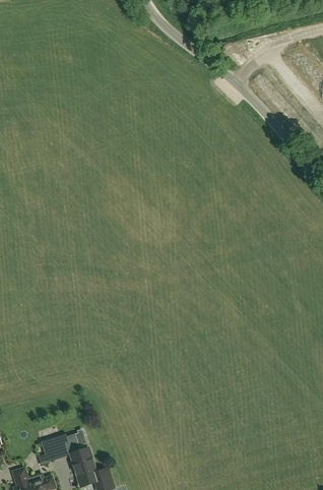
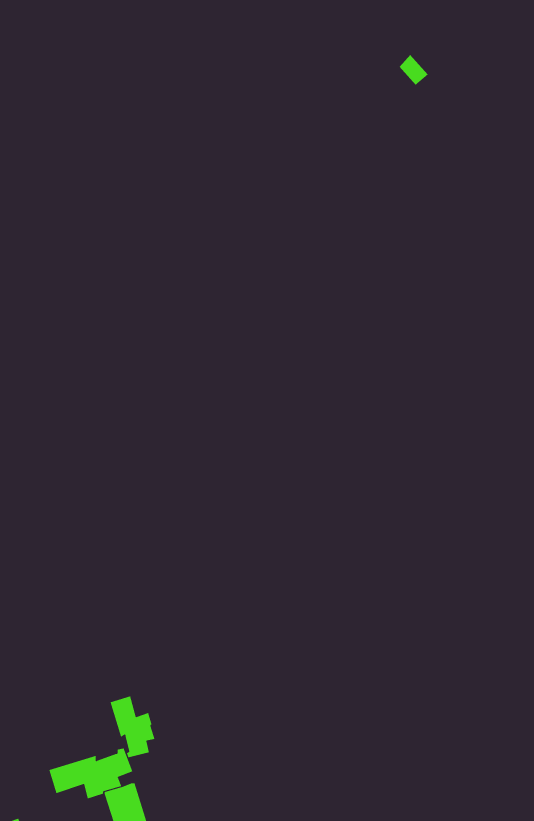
building: none -> [110,695,155,758]

